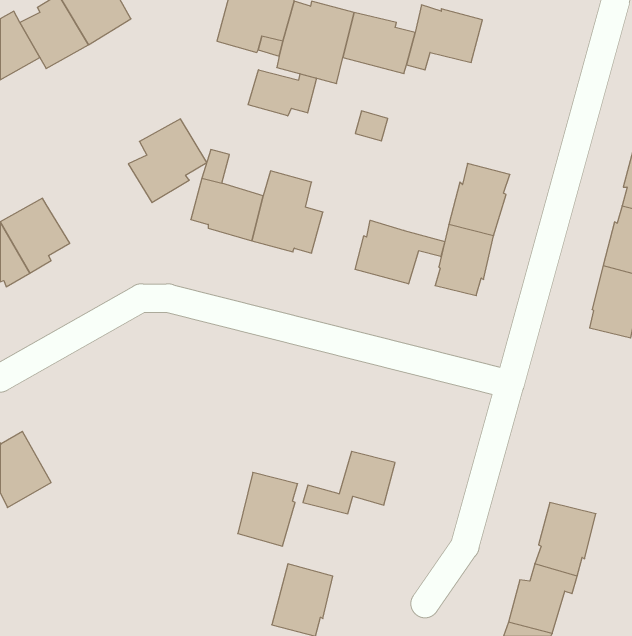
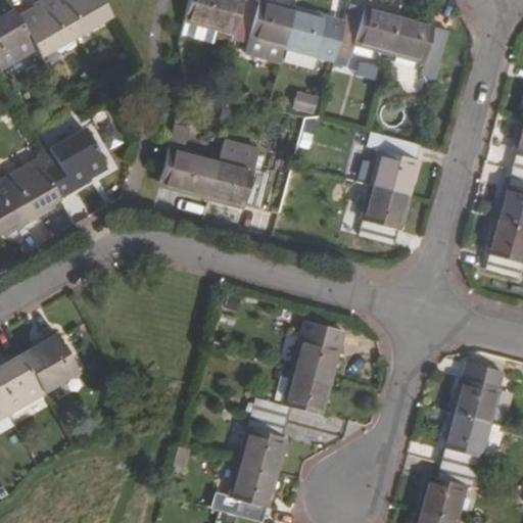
building: none -> [390,16,450,80]
building: [248,70,316,116] -> none
building: [128,119,207,203] -> [42,131,106,199]
building: [355,220,445,284] -> none
building: none -> [292,320,339,379]
building: none -> [22,331,81,395]
building: none -> [455,363,504,421]
building: [238,472,298,546] -> [240,412,289,472]

